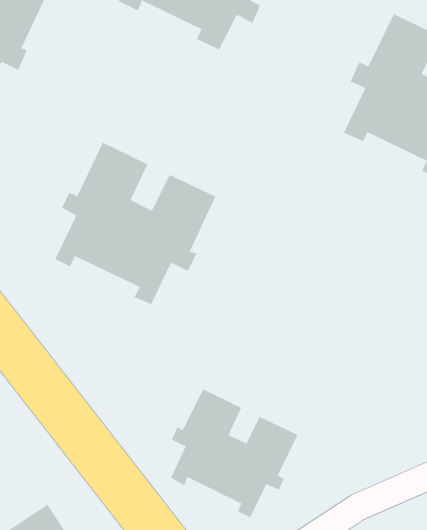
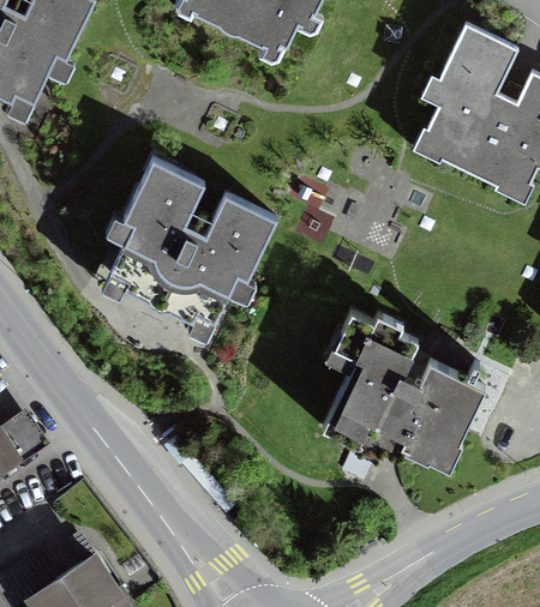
building: none -> [322,313,487,465]
building: [170,388,298,518] -> none

